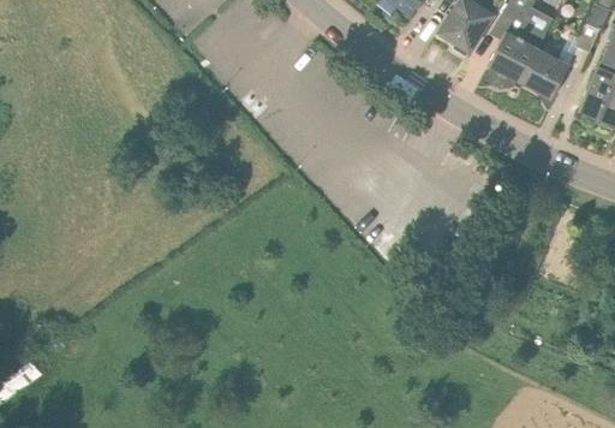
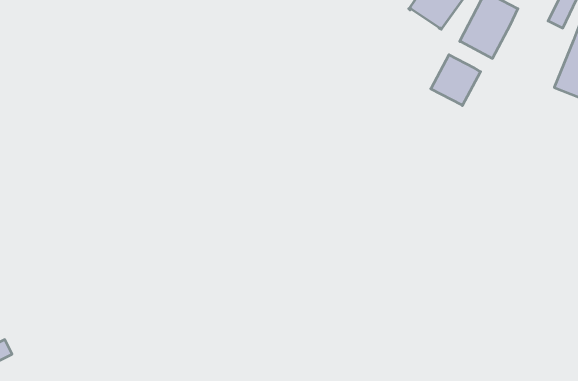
building: [519,50,568,101] -> [431,55,481,106]

